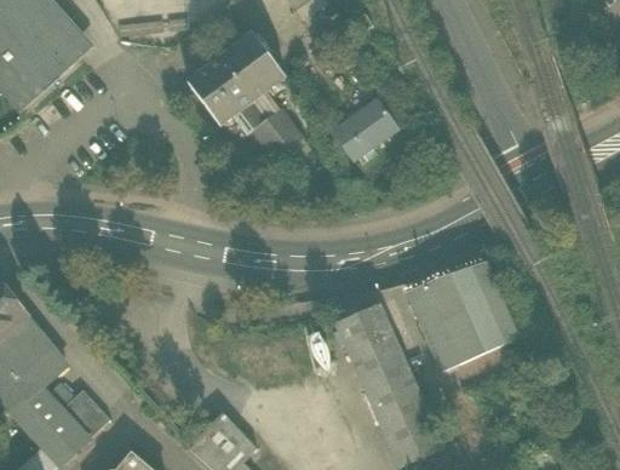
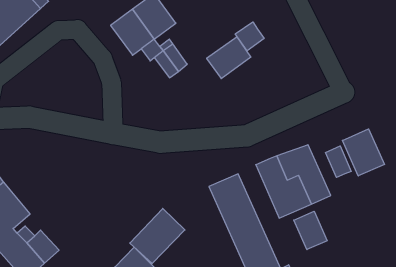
building: none -> [235,22,264,51]
building: none -> [342,129,384,176]
building: none -> [325,146,351,177]
building: none -> [130,208,185,264]
building: none -> [294,211,327,250]

